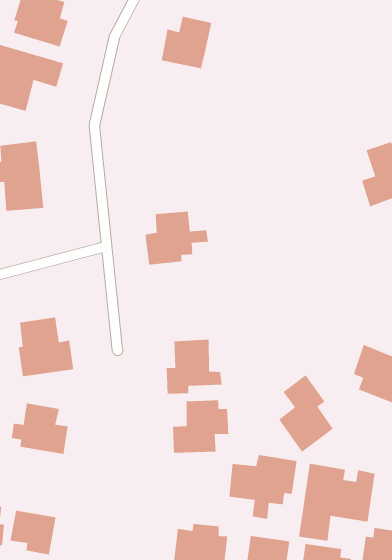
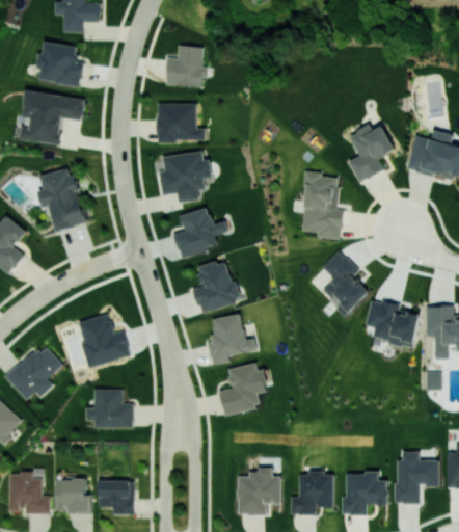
building: none -> [157,104,205,141]
building: none -> [159,151,212,203]
building: none -> [301,174,343,239]
building: none -> [193,261,243,313]
building: [278,374,334,453] -> [321,249,369,316]
building: [229,454,298,520] -> none
building: [298,463,376,541] -> none

